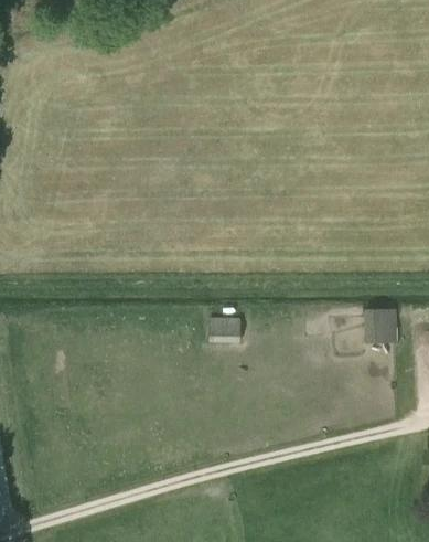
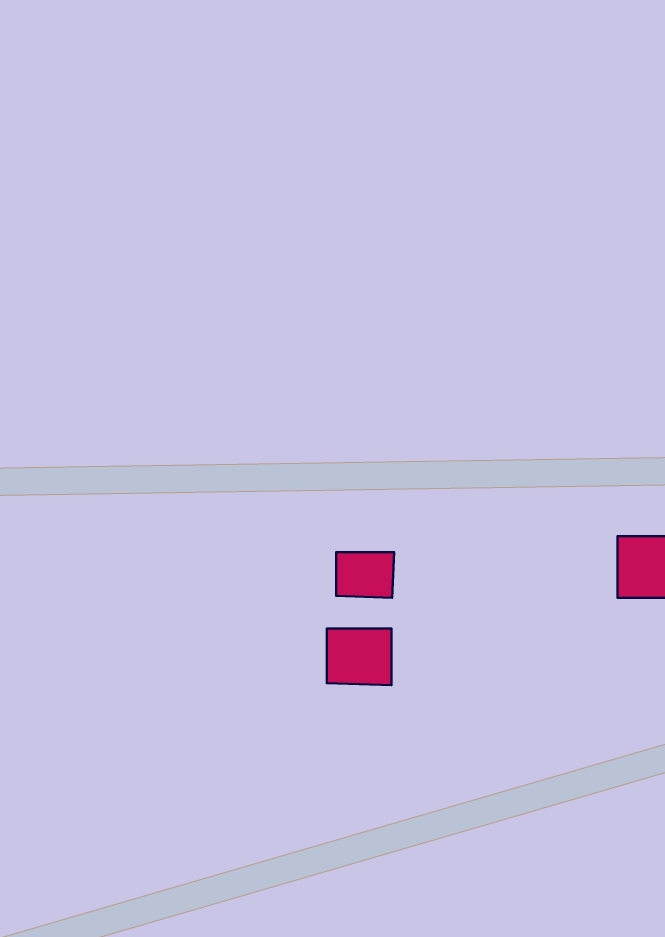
building: none -> [327,628,391,685]

